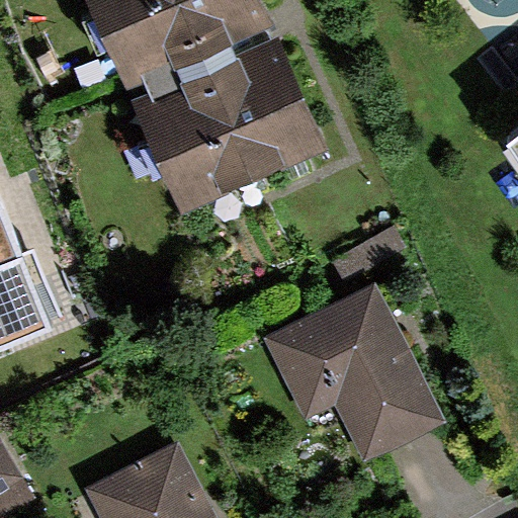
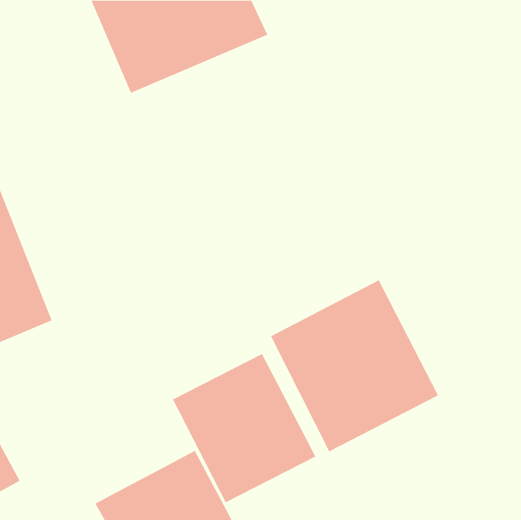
building: [133,45,318,211] -> none
building: none -> [172,353,316,503]

